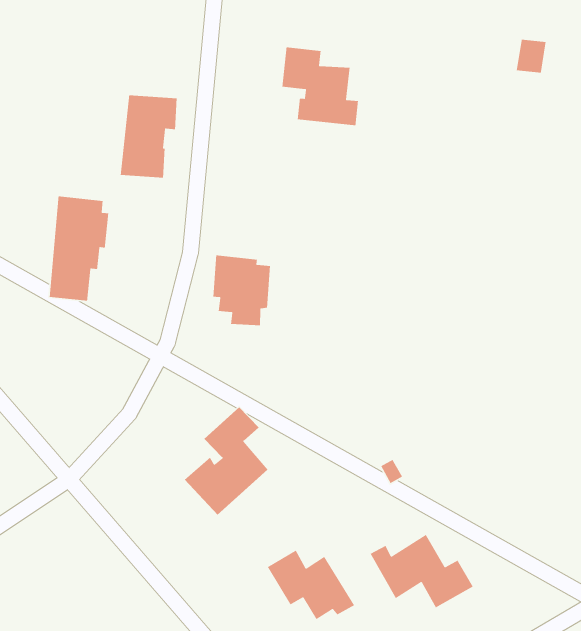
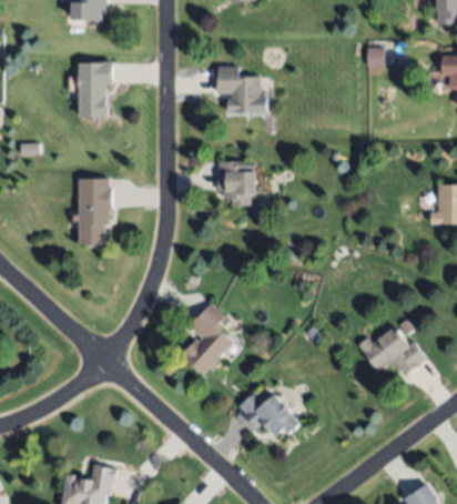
building: [120,94,178,179] -> [80,62,113,117]
building: [213,255,271,326] -> [219,161,256,205]
building: [369,534,474,608] -> [358,327,428,375]

